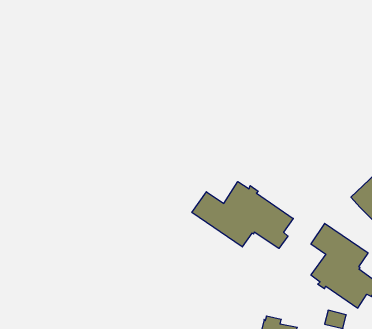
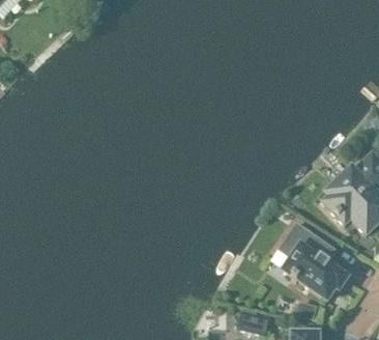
building: [192,182,293,248] -> none

